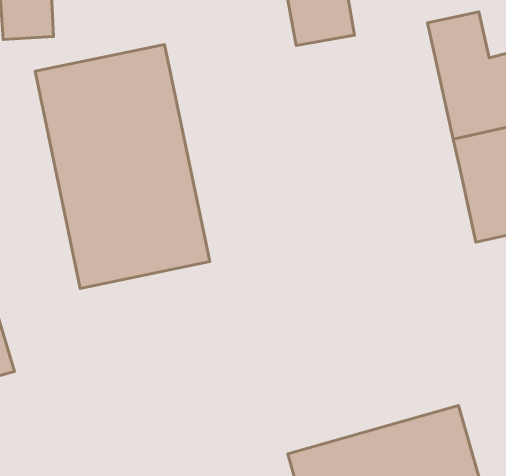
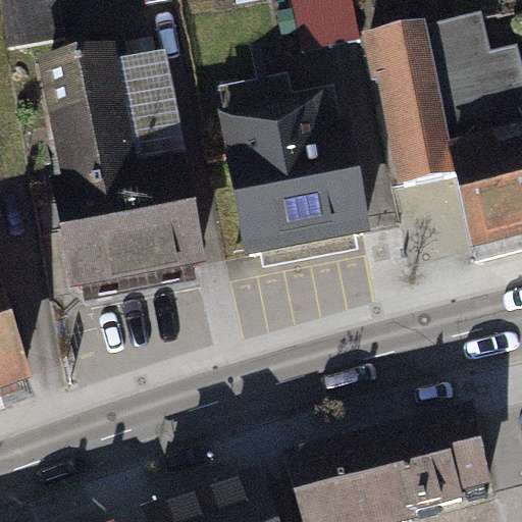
building: none -> [369,27,460,187]
building: none -> [218,99,371,256]

